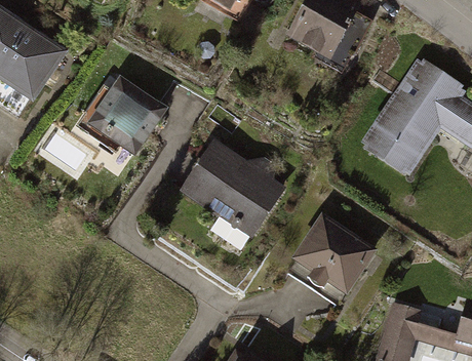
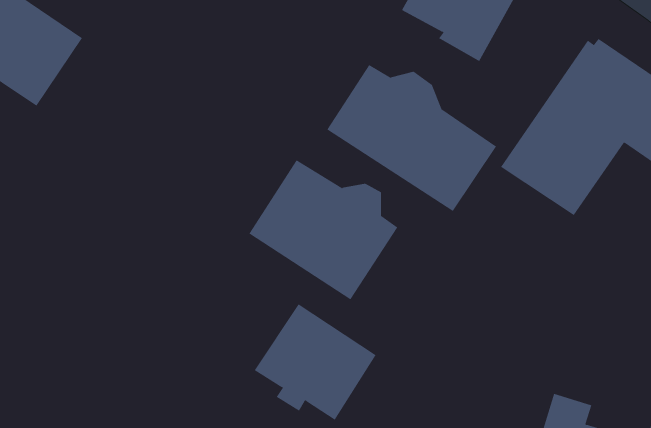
building: none -> [327,64,497,212]
building: [75,76,166,156] -> none
building: [291,212,377,293] -> [254,304,377,420]

